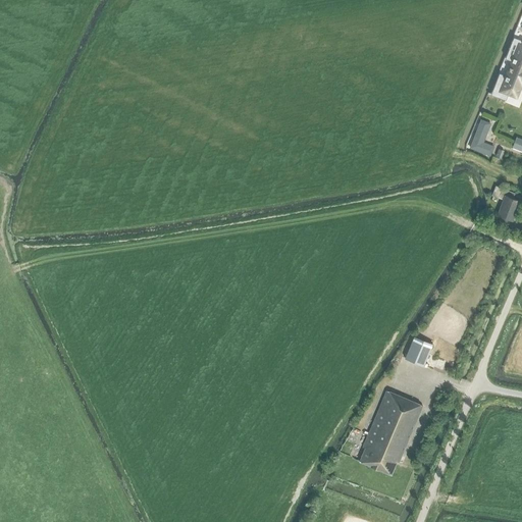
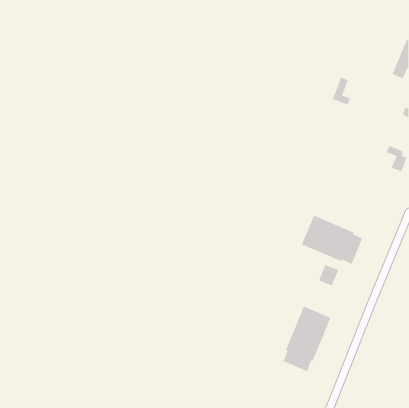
building: [469,118,493,155] -> [332,77,351,105]
building: none -> [301,215,363,265]

